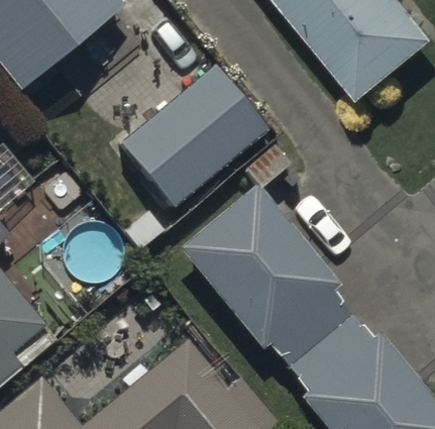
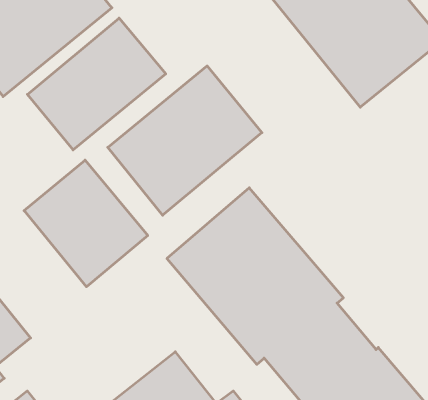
building: none -> [27,18,166,150]
building: none -> [24,160,148,287]

